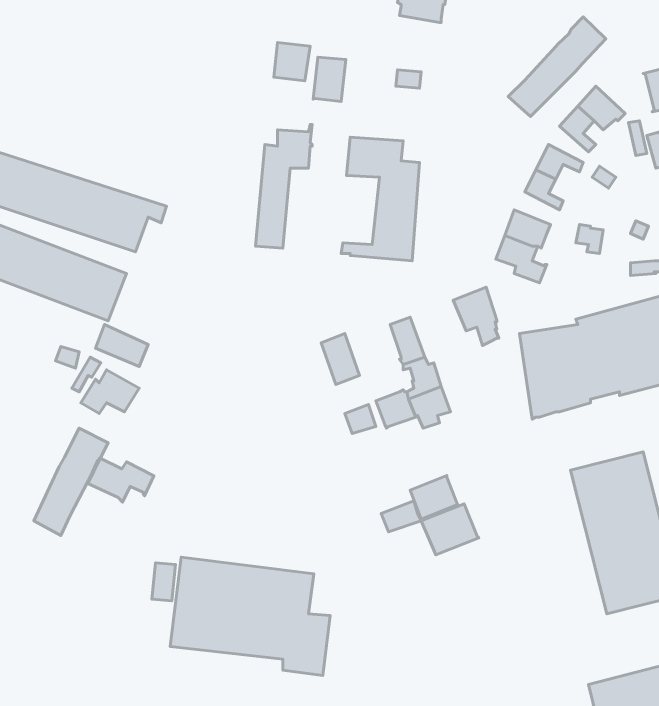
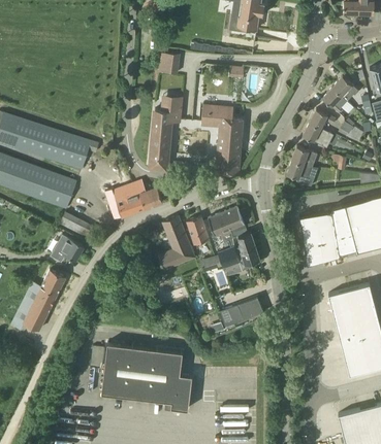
building: [508,17,606,117] -> none
building: [313,57,346,102] -> none
building: none -> [105,181,162,220]
building: [453,287,499,345] -> [208,211,233,244]
building: none -> [158,216,195,271]
building: [88,458,154,502] -> none
building: [421,504,479,555] -> none

